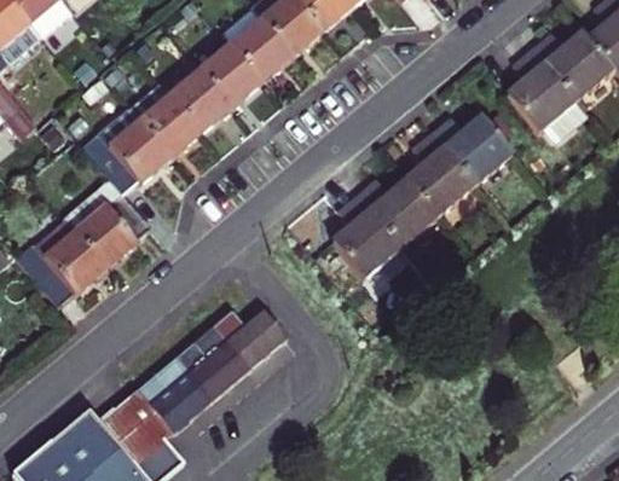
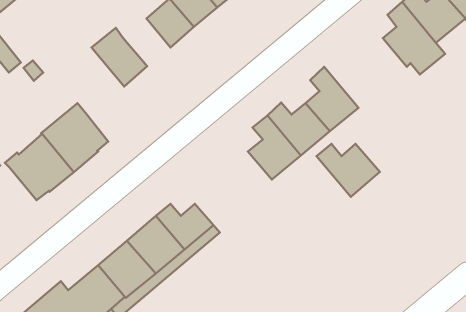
building: [169,69,231,131] -> none
building: [82,106,170,193] -> none
building: [430,116,513,185] -> [316,144,380,197]

